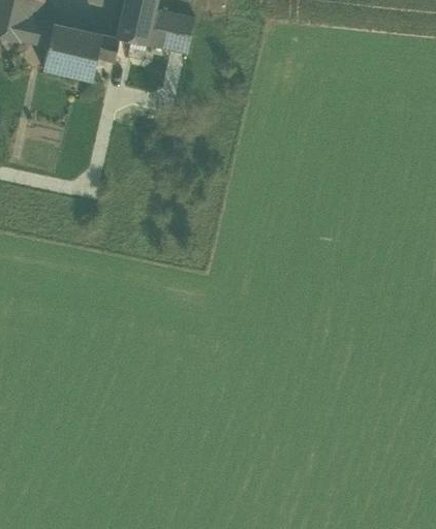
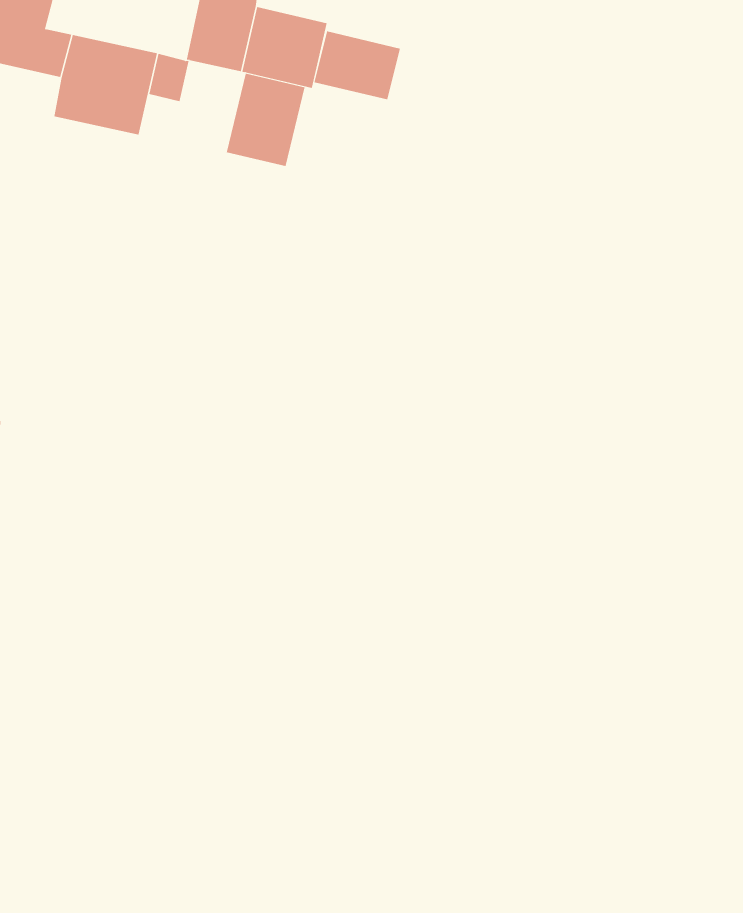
building: none -> [314,31,400,100]
building: none -> [226,73,305,167]

